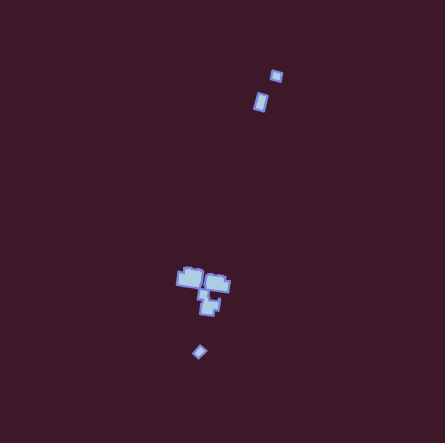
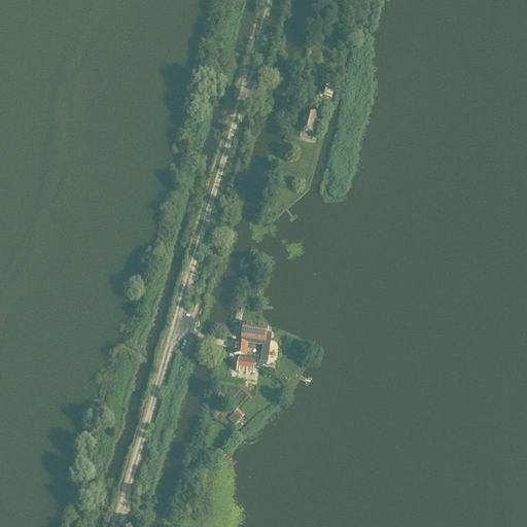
building: [177,268,203,289] -> none

